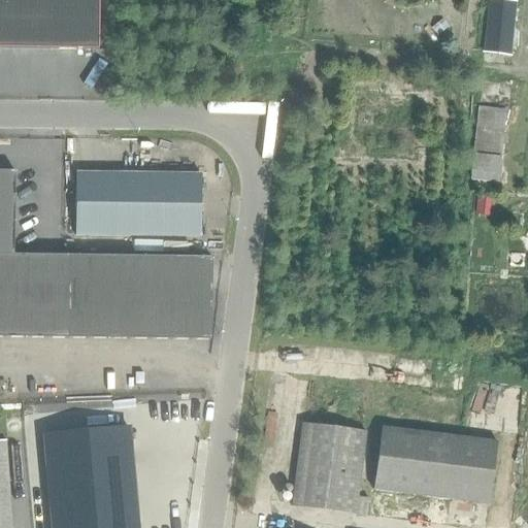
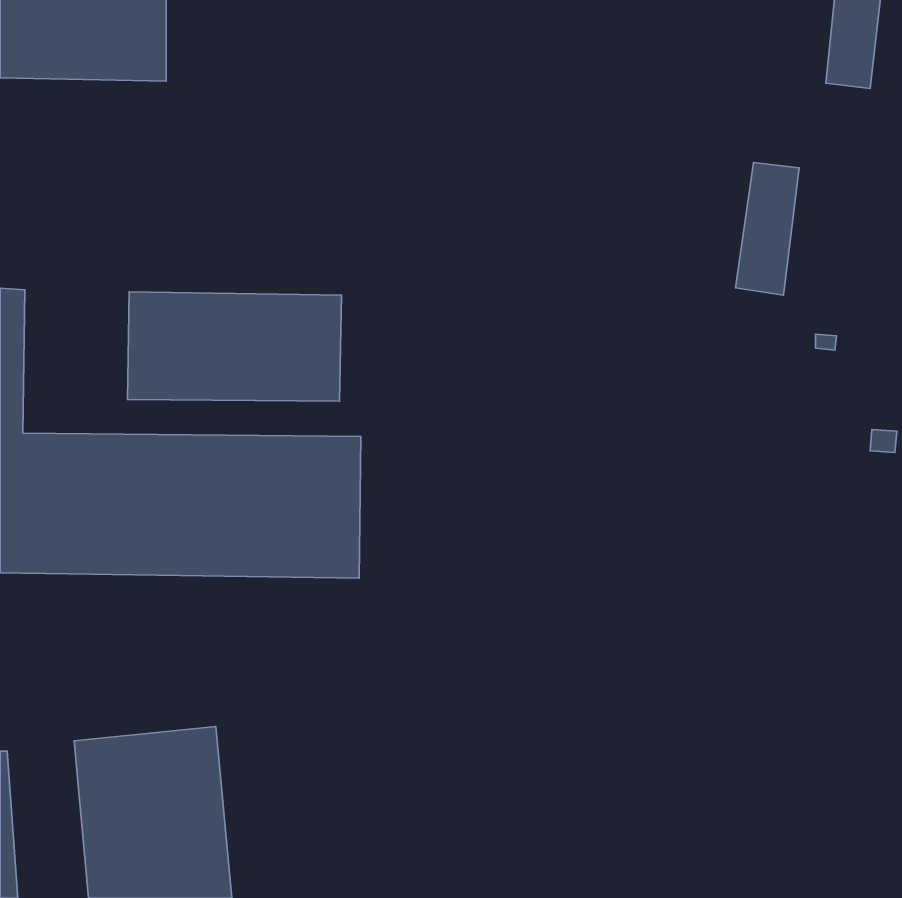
building: [468,102,505,179] -> [736,162,799,295]
building: [292,422,369,513] -> none
building: [373,424,498,502] -> none

